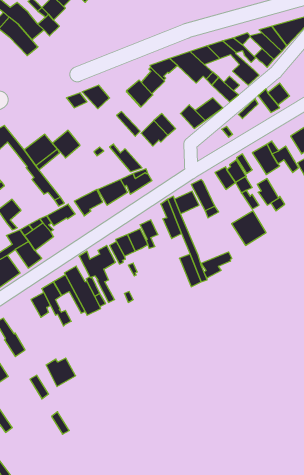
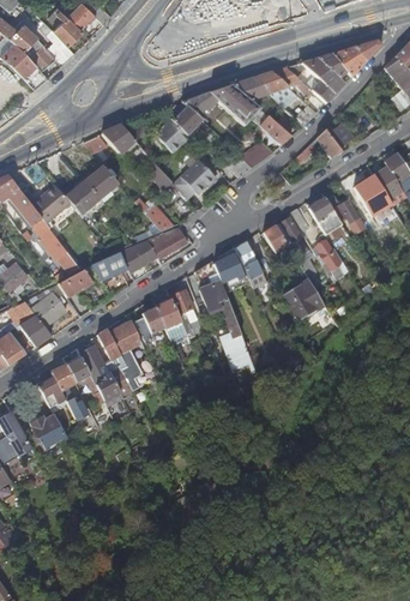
building: none -> [84,164,117,198]
building: [201,252,232,278] -> none
building: [46,358,76,387] -> [30,415,66,450]

